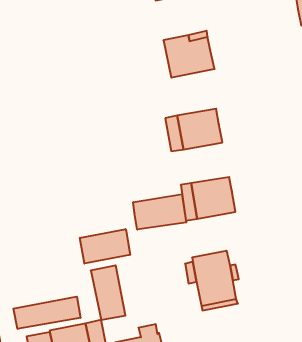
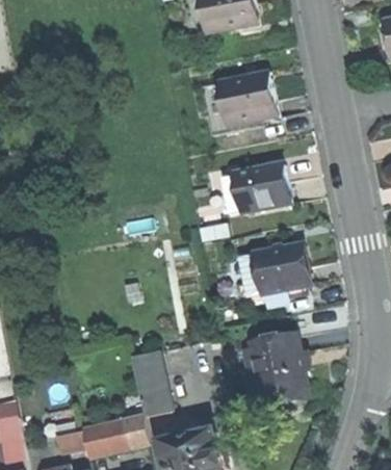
building: [133,194,186,230] -> none
building: [80,229,130,264] -> none
building: [13,297,80,329] -> none

